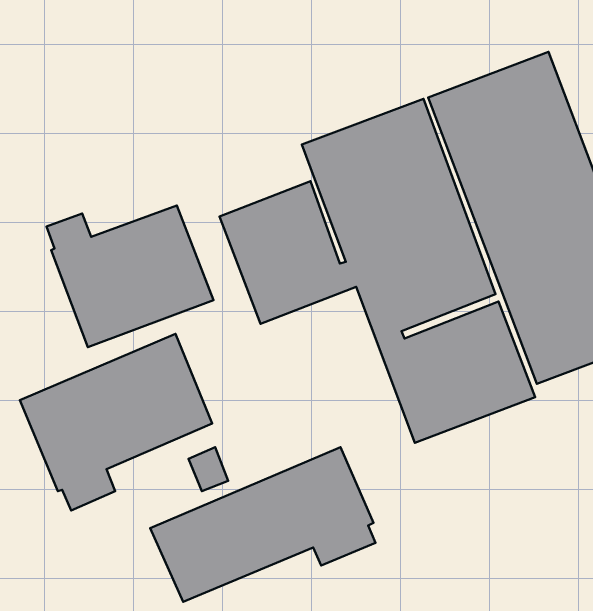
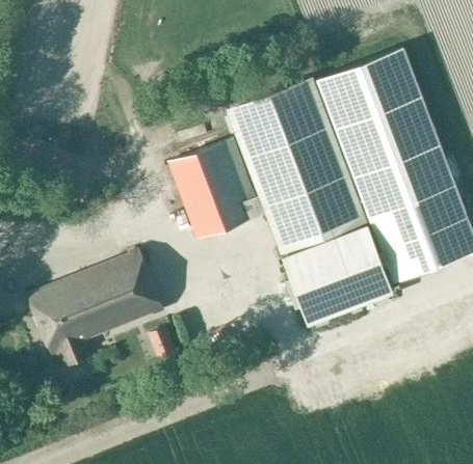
building: [46,205,213,347] -> none
building: [150,447,376,602] -> none

